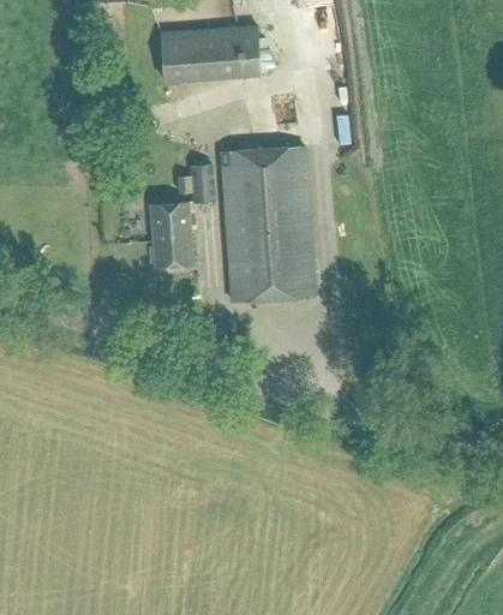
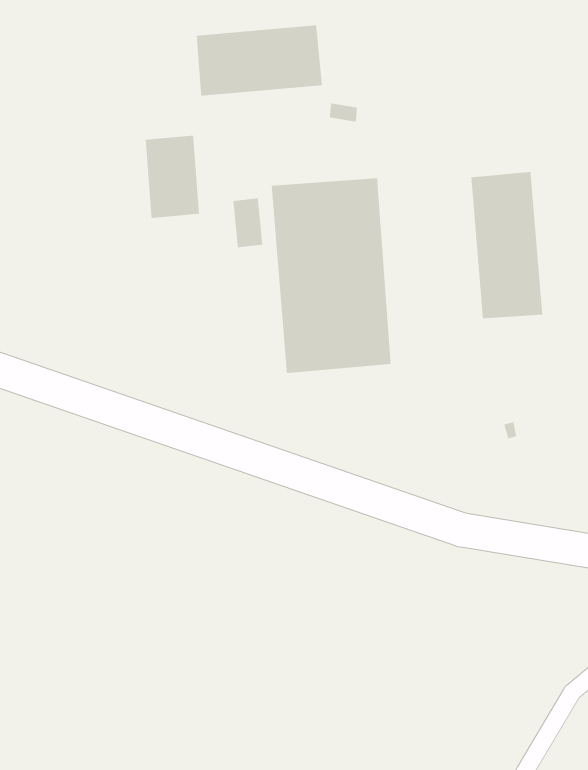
building: none -> [471,171,543,319]
building: [150,202,193,268] -> [145,135,200,219]

